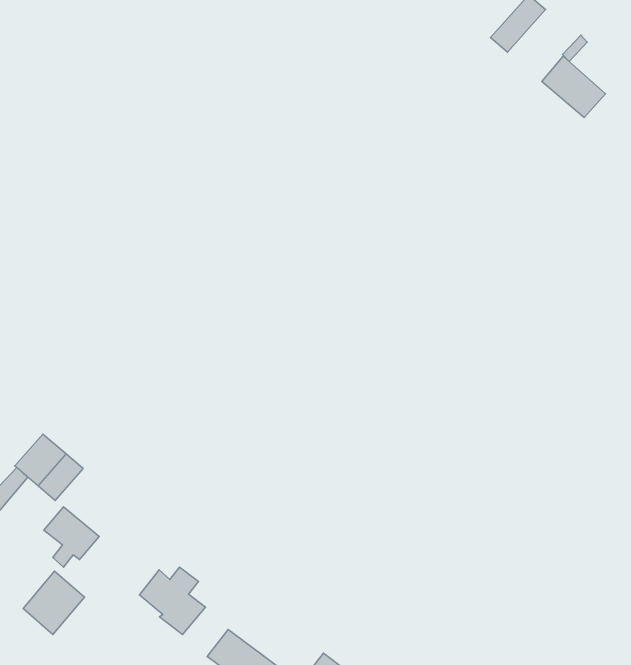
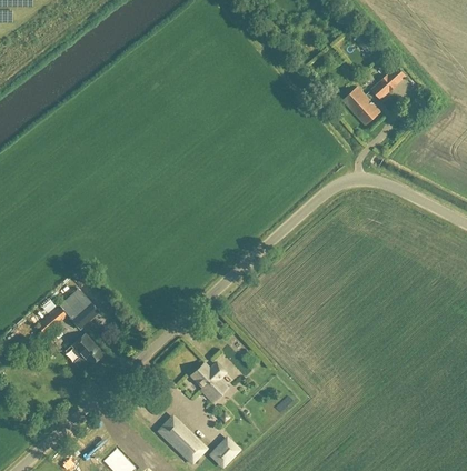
building: [542,56,606,117] -> [342,87,379,124]
building: [140,567,205,635] -> [190,362,228,402]
building: [23,571,84,635] -> none

